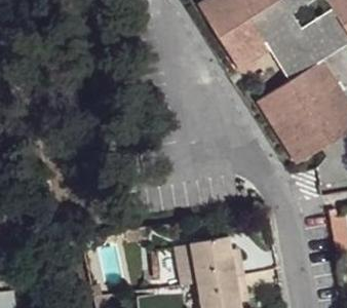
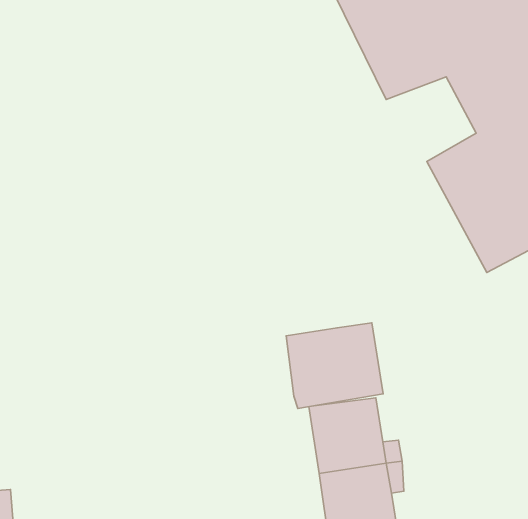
building: none -> [286,323,383,408]

